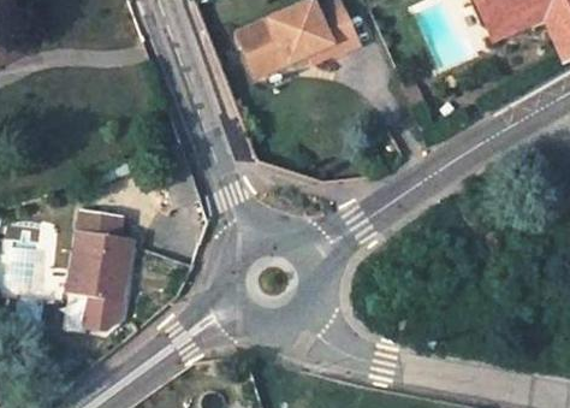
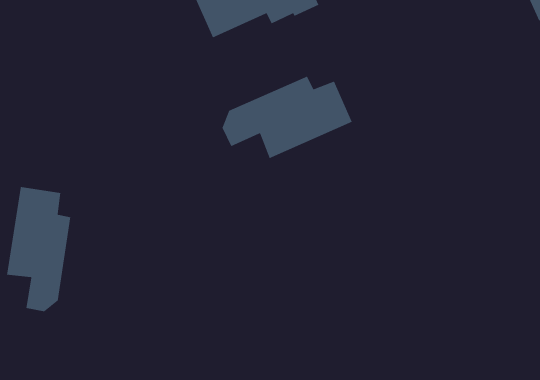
building: none -> [221,76,353,159]

